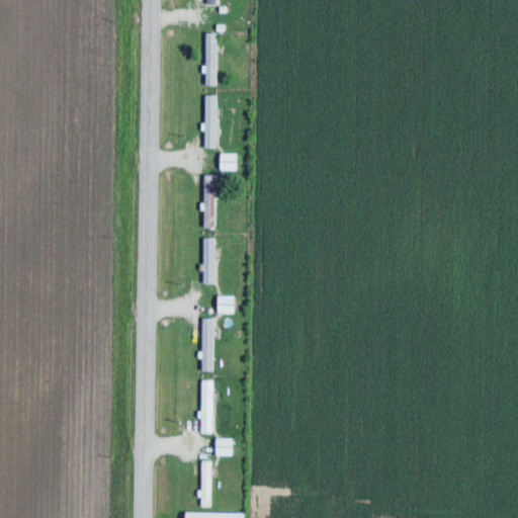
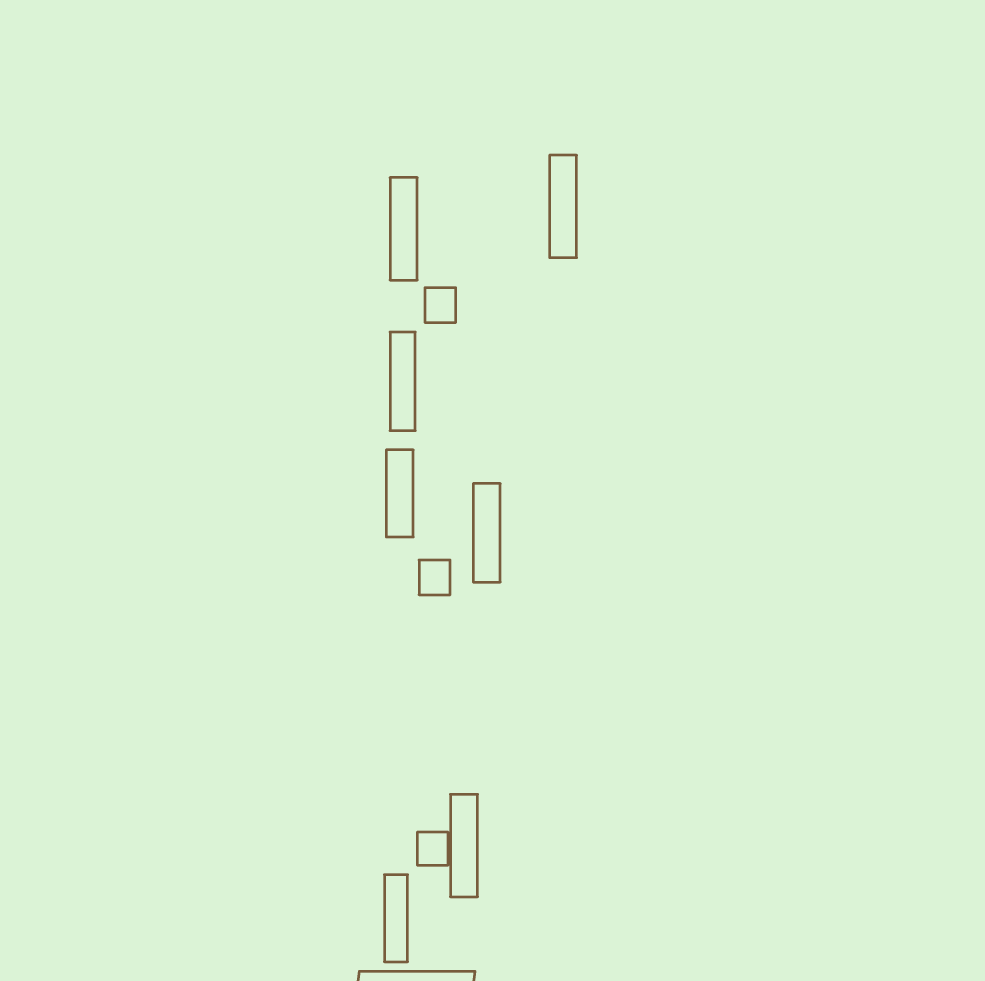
building: [204,33,219,87] -> [550,155,577,258]
building: [201,320,215,371] -> [473,484,500,582]
building: [201,381,215,435] -> [450,794,478,897]

